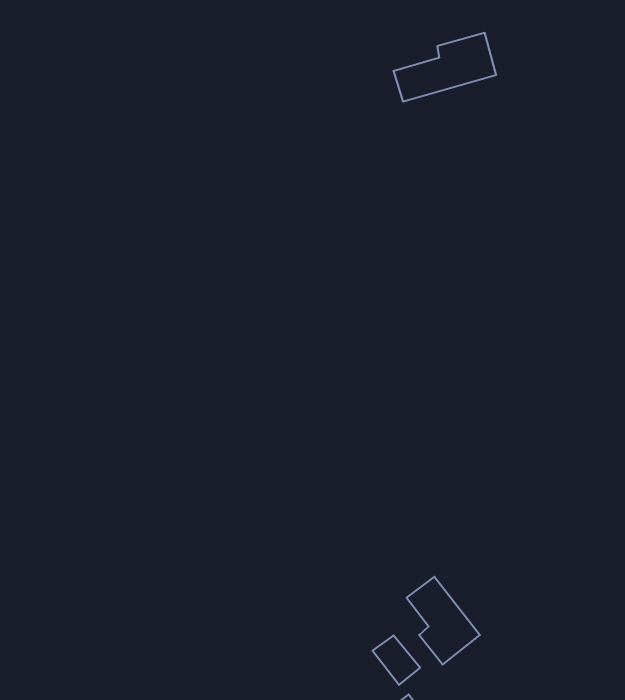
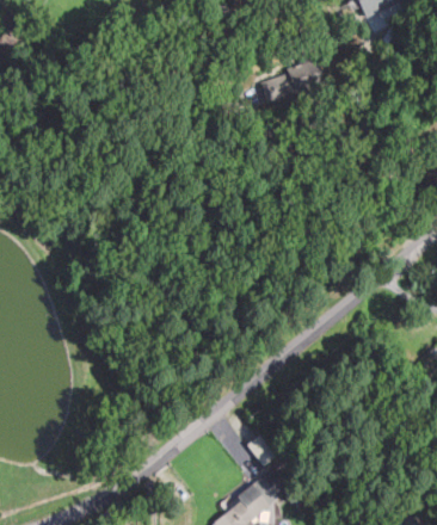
building: [407,577,480,665] -> none

